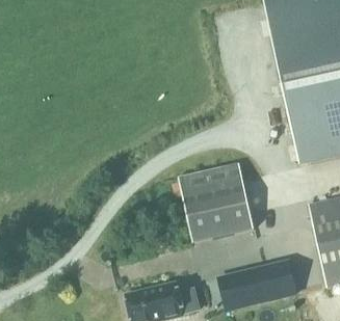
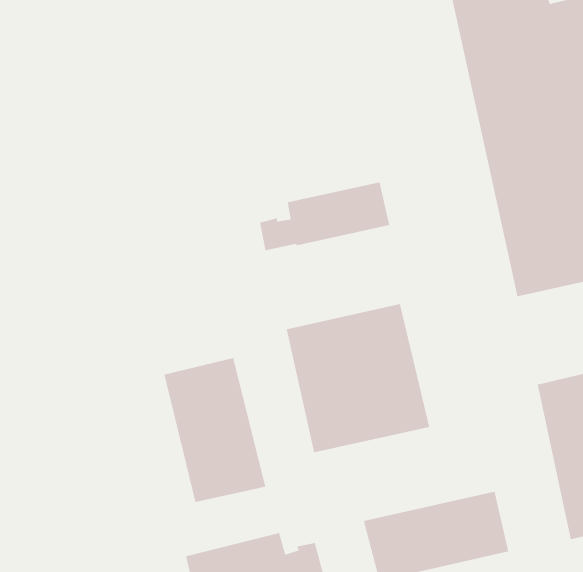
building: none -> [259,182,390,251]
building: none -> [164,357,266,503]

